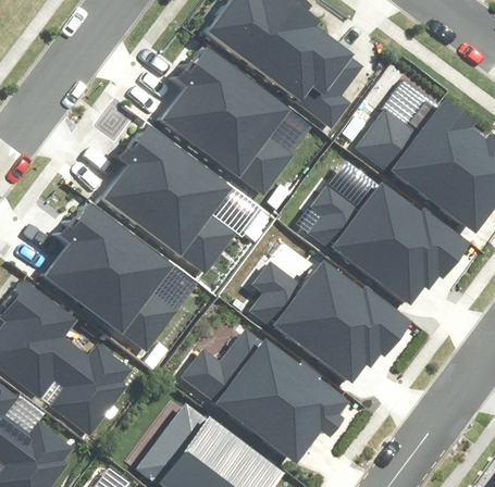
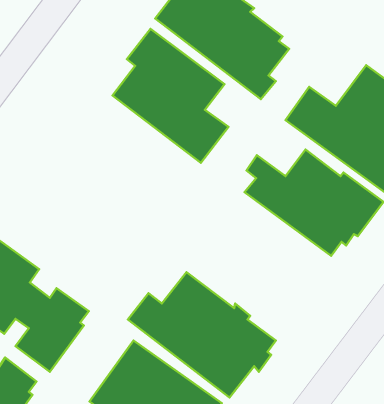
building: [102,121,235,275] -> none
building: [44,200,176,353] -> none
building: [255,263,410,378] -> none

